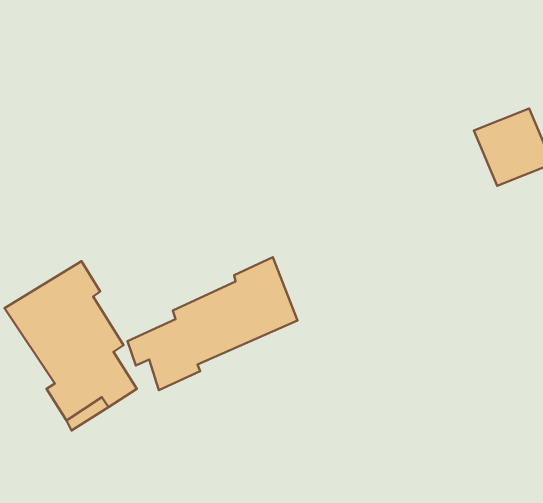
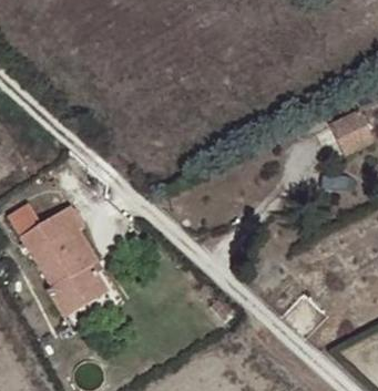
building: [128,257,298,390] -> none

